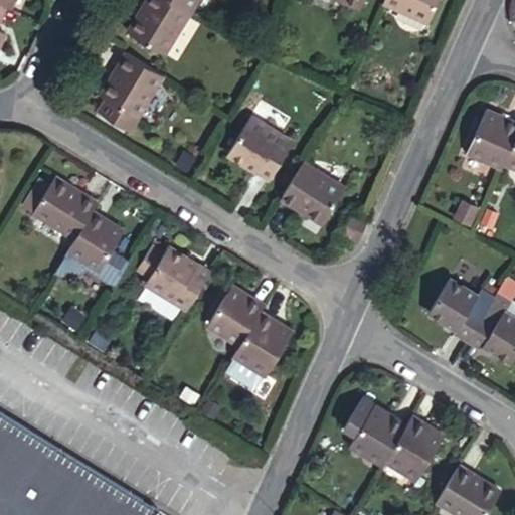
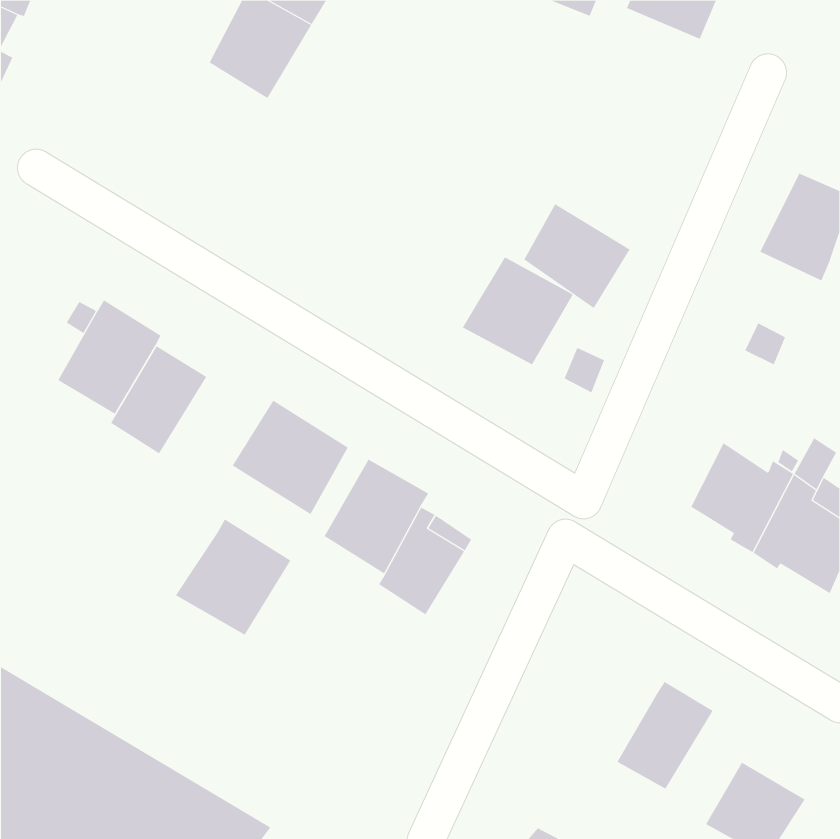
building: [99,56,161,124] -> none
building: [227,117,293,181] -> [524,203,630,309]
building: none -> [175,519,291,636]
building: [340,405,401,472] -> none

